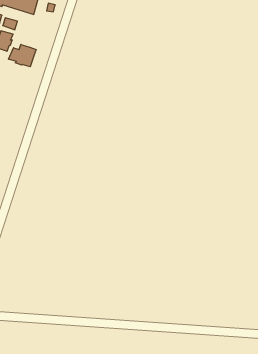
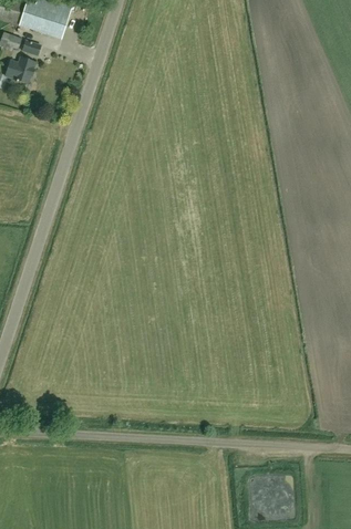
building: [9,44,36,67] -> none

